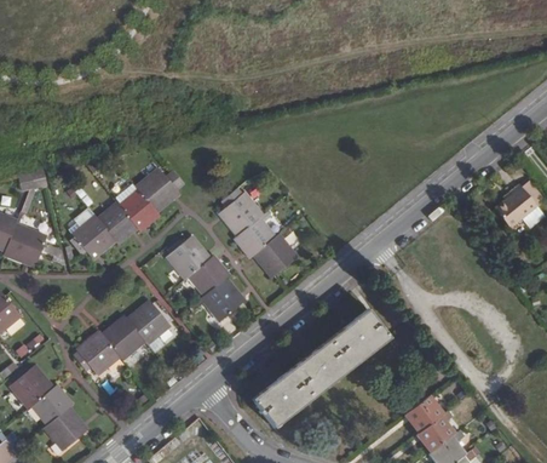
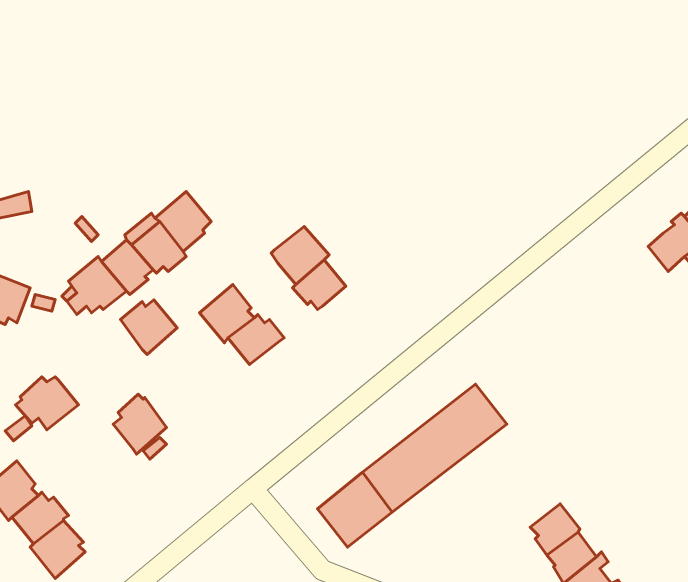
building: [257,234,295,276] -> none
building: [200,278,240,320] -> none
building: [127,304,168,344] -> [121,300,177,355]
building: [73,336,119,375] -> [15,377,78,430]

